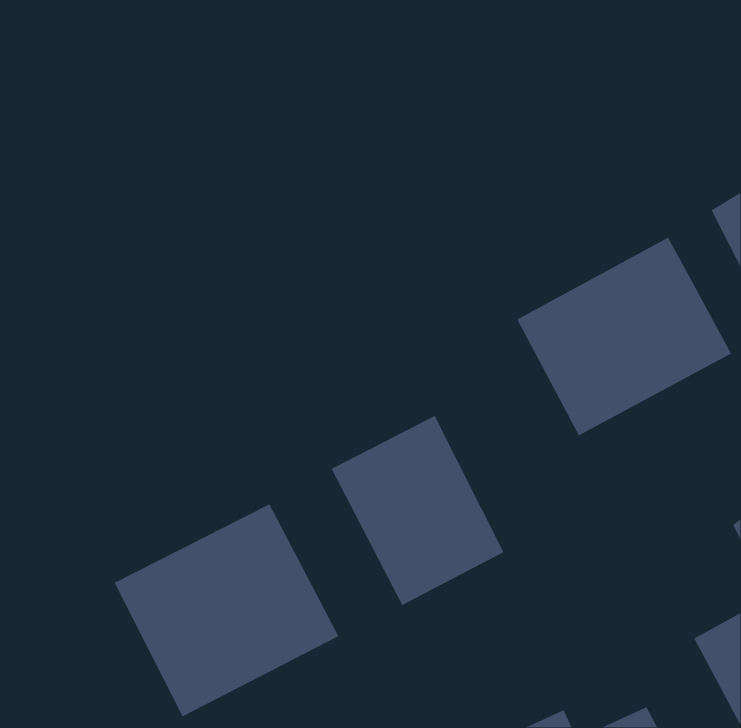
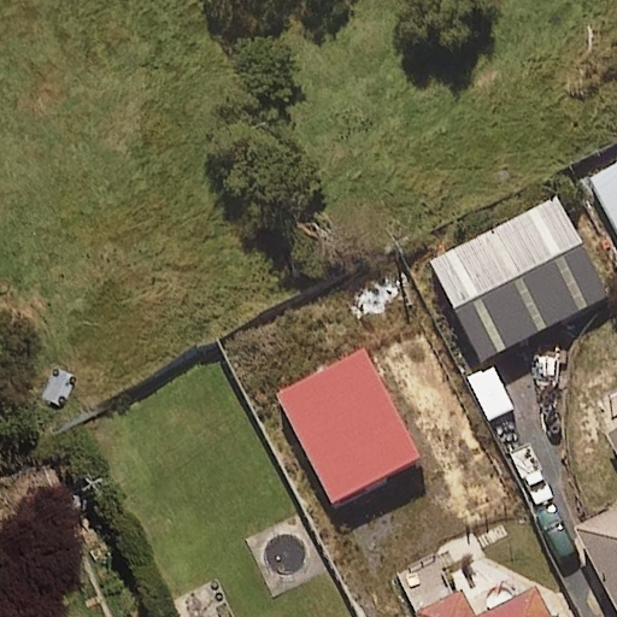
building: [114,503,339,717] -> none

